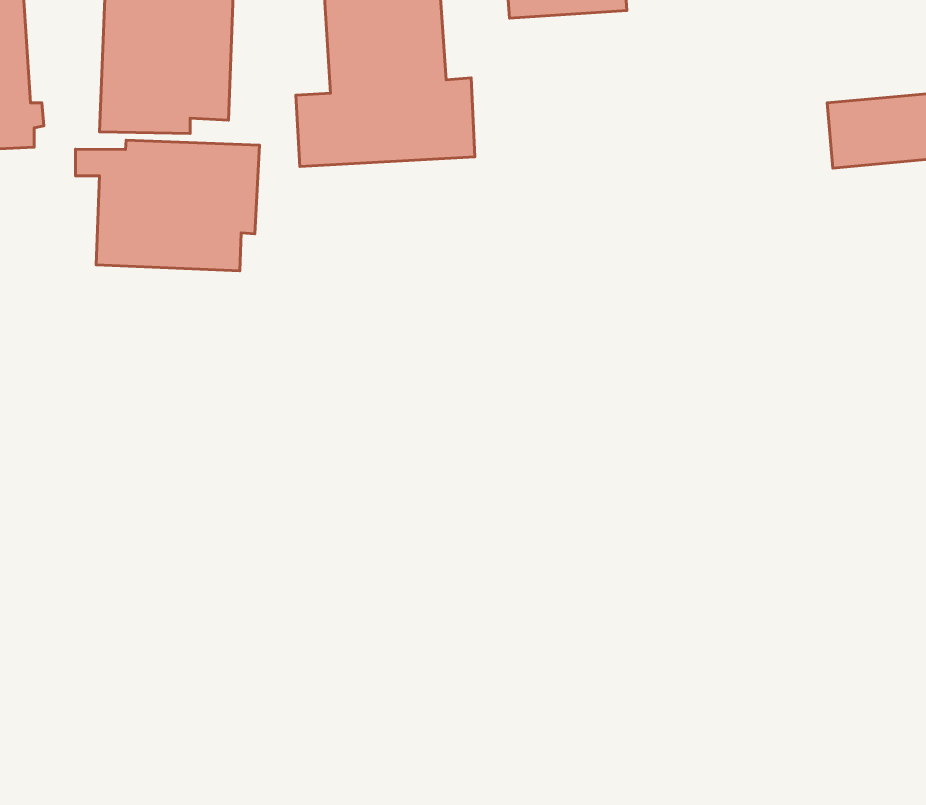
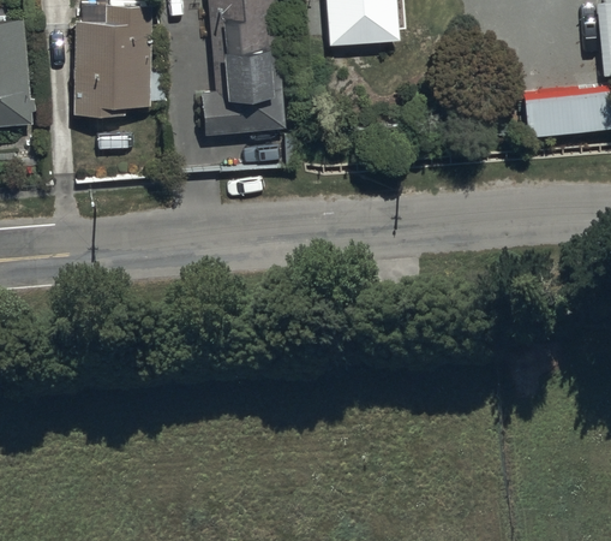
building: [75,140,259,271] -> none

